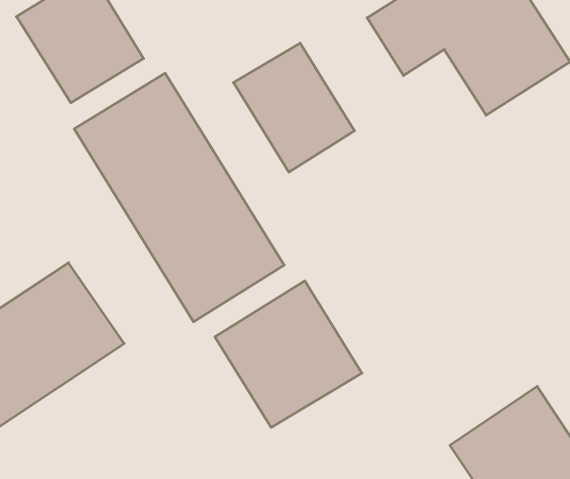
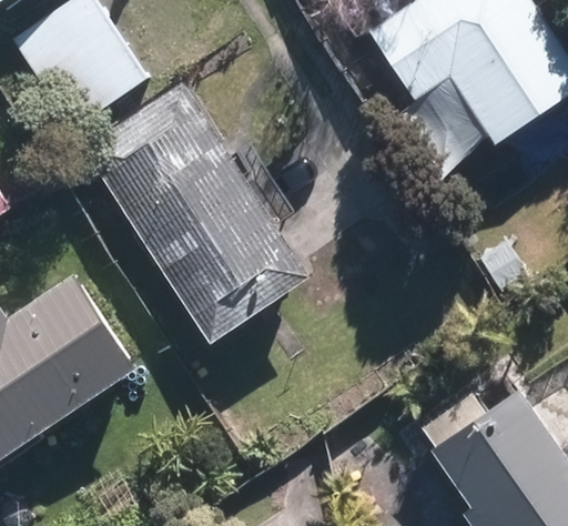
building: [233,43,355,172] -> none
building: [215,281,362,427] -> none

